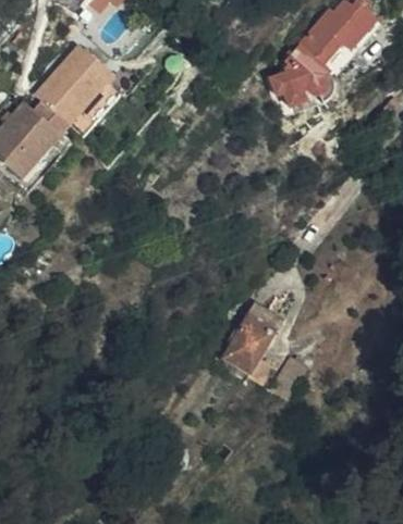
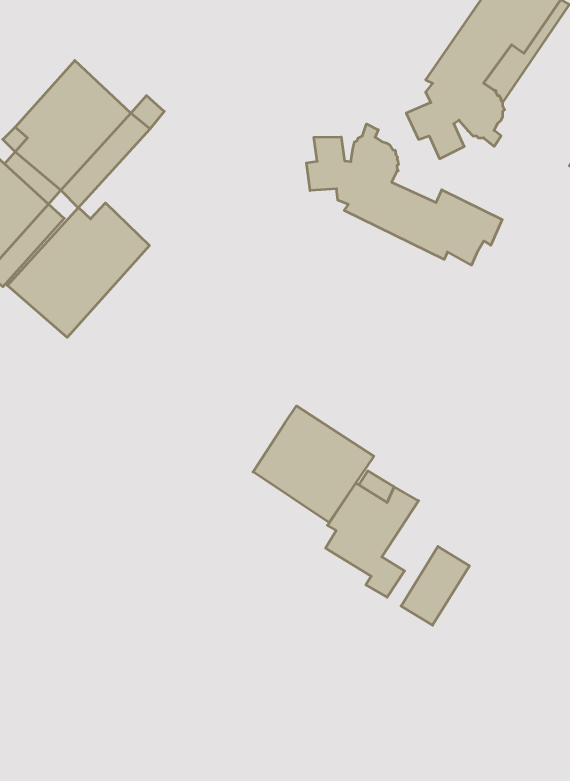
building: none -> [306,124,502,265]
building: none -> [7,203,149,337]
building: none -> [253,406,374,522]

